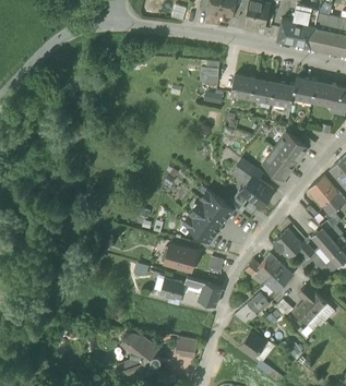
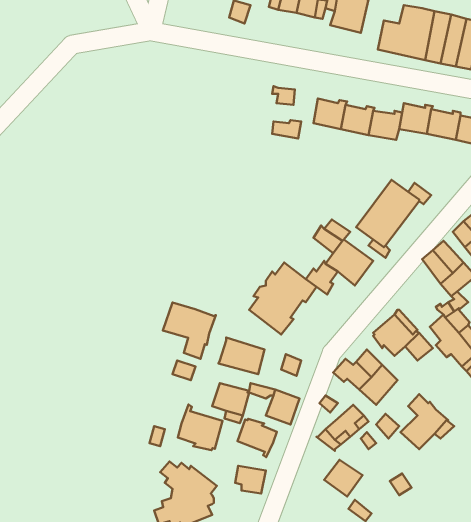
building: none -> [163,303,216,359]
building: none -> [178,405,222,450]
building: none -> [238,419,277,457]

